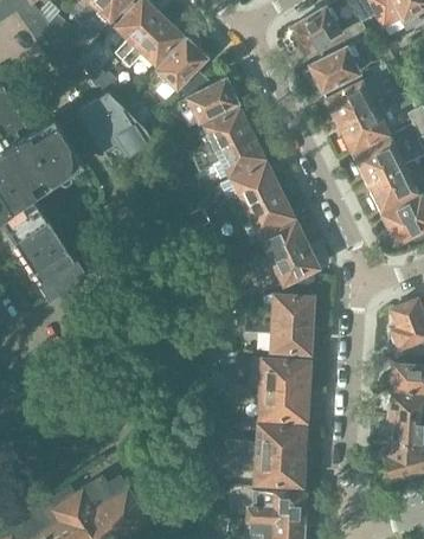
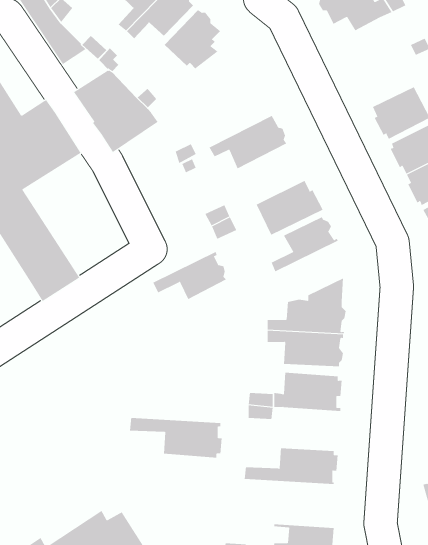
building: [309,47,359,92] -> none
building: [178,77,238,123] -> none
building: [326,78,379,126] -> none
building: [191,109,251,161] -> none
building: [223,161,280,211] -> none
building: [253,243,319,285] -> [152,251,227,300]
building: [258,389,311,421] -> none
building: [225,451,307,487] -> [129,417,223,458]

